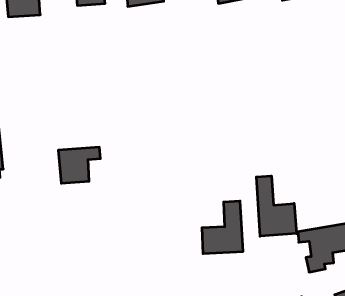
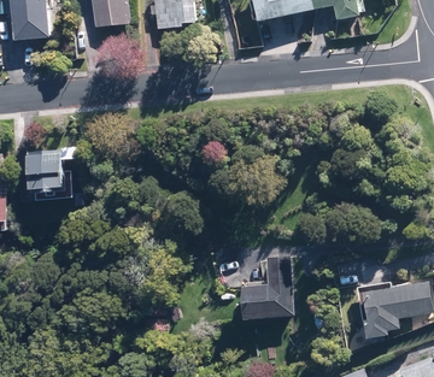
building: [58,147,100,183] -> [28,151,77,193]
building: [256,176,297,236] -> none

